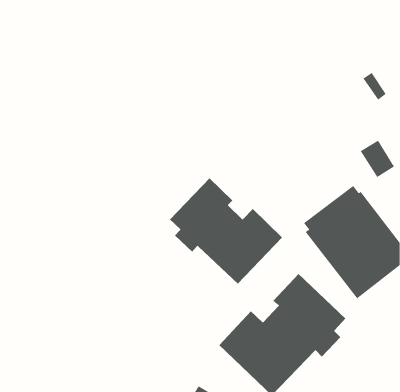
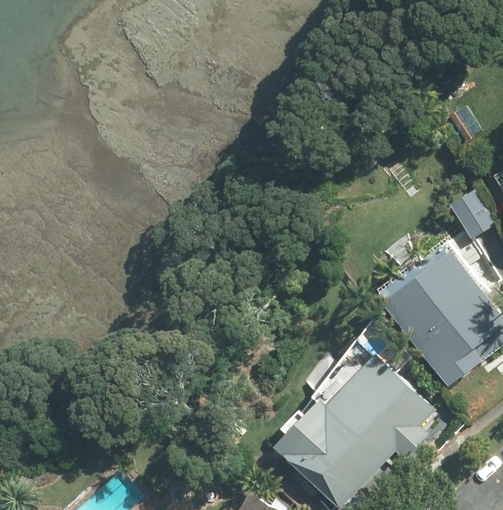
building: [169,178,283,284] -> none

